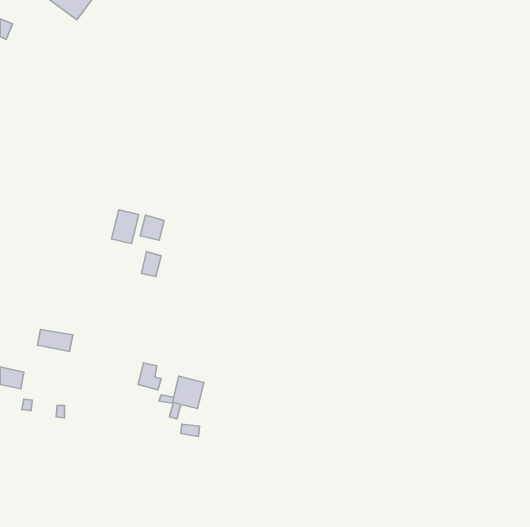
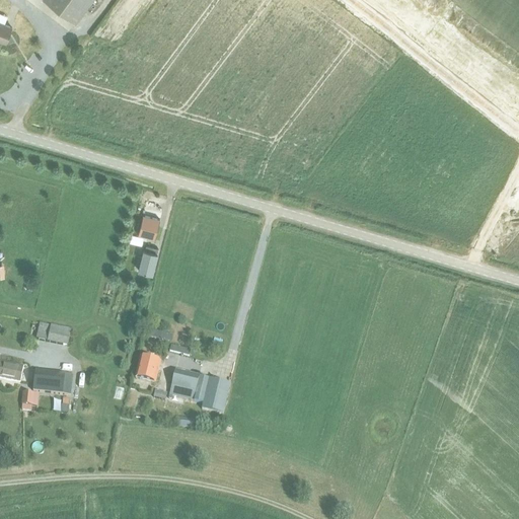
building: [111,210,139,244] -> none
building: none -> [33,367,73,392]
building: none -> [194,373,231,411]

